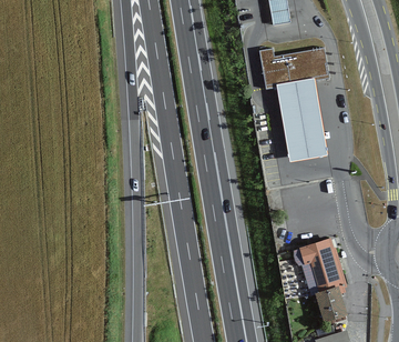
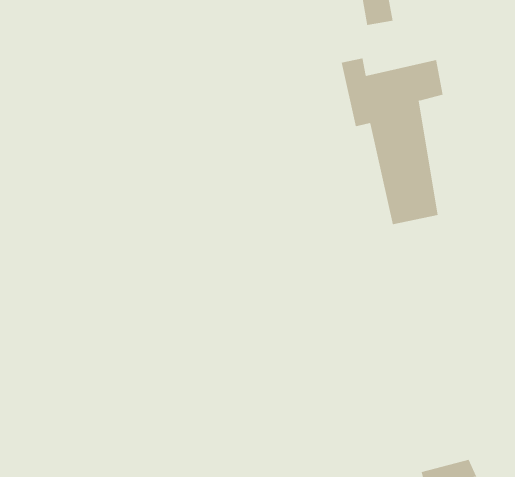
building: [295,234,349,319] -> none

